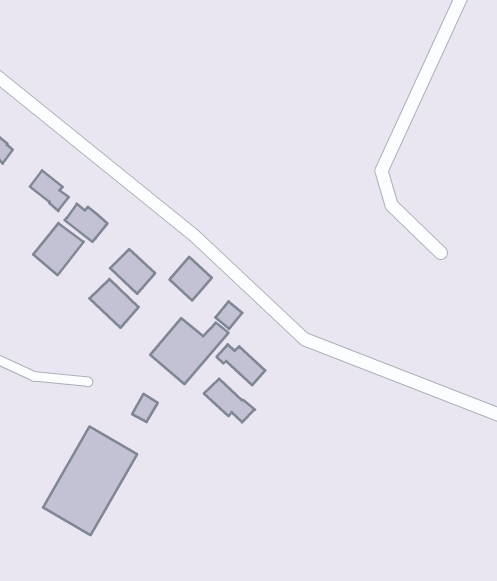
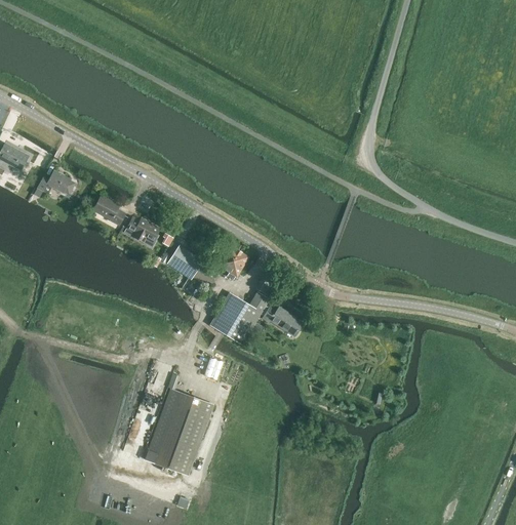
building: [33,223,84,275] -> none
building: [89,279,139,328] -> none
building: [204,379,255,422] -> none

